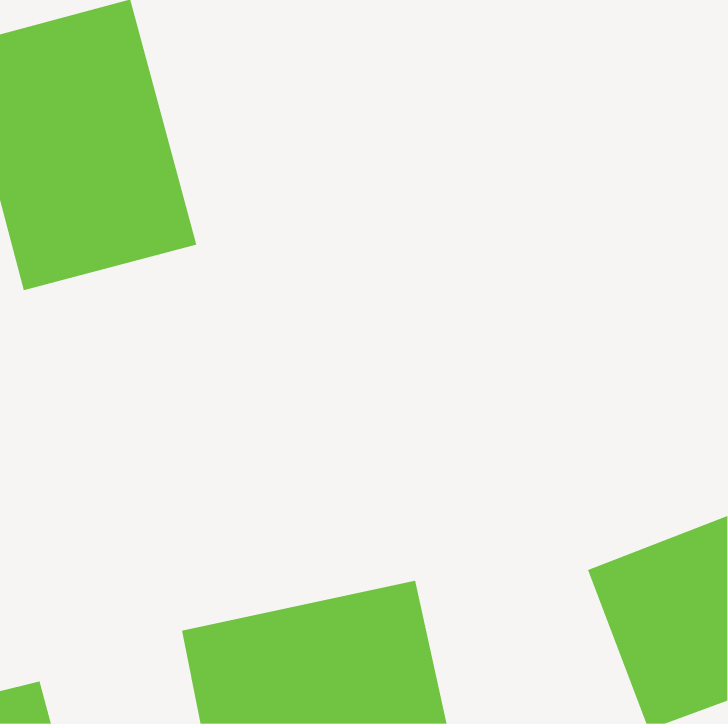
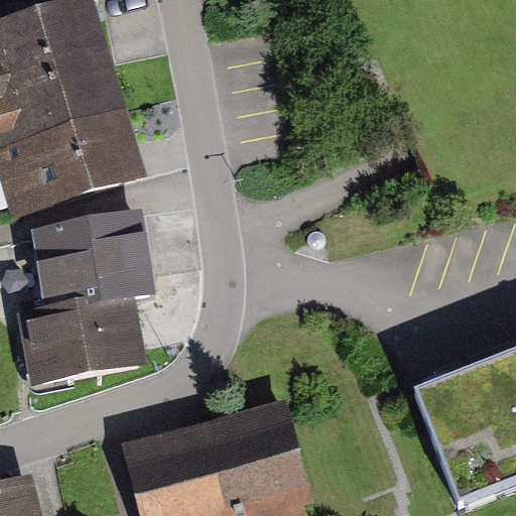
building: none -> [21,220,160,382]

